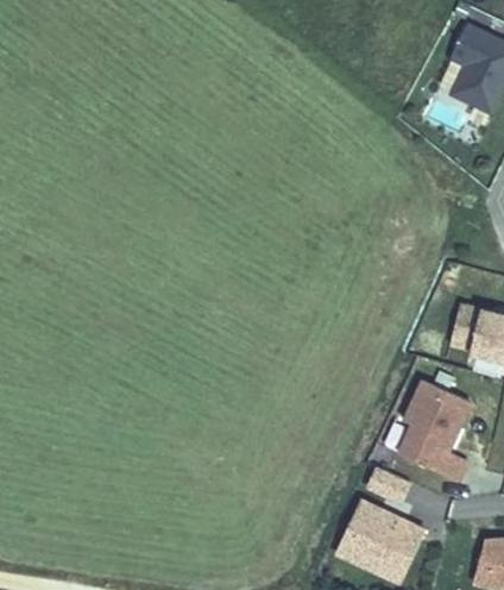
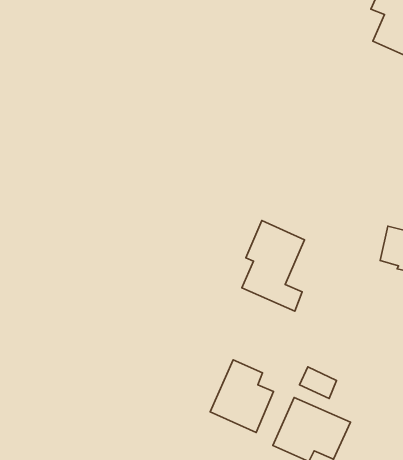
building: [397,377,467,478] -> [242,221,304,311]
building: none -> [210,360,274,433]

